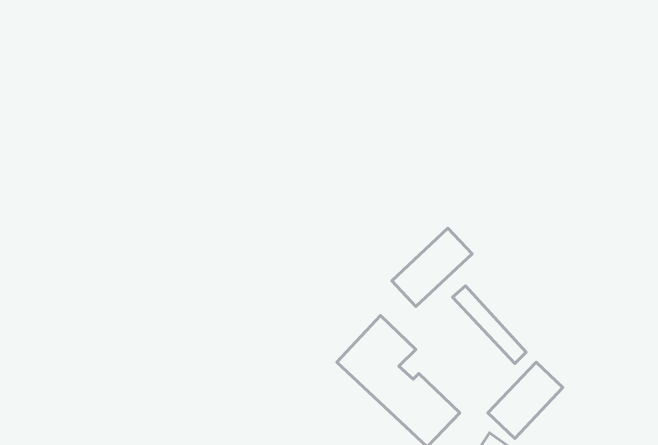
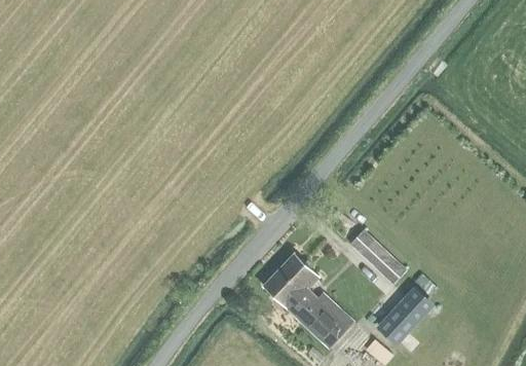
building: [392,228,472,307] -> none

